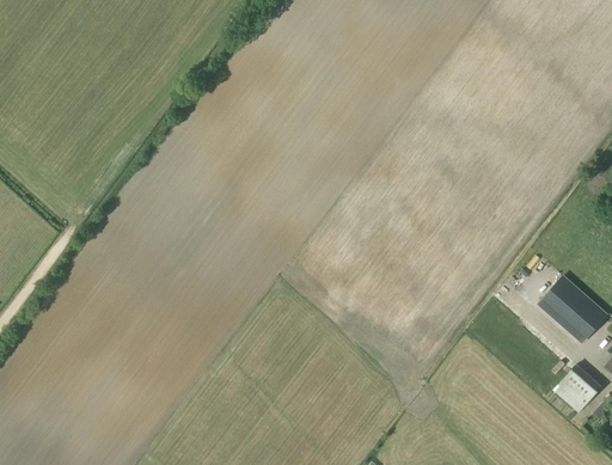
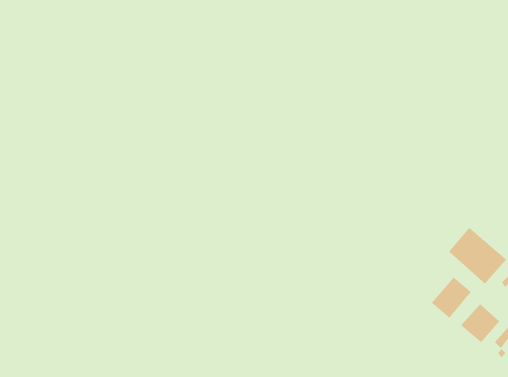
building: none -> [431,277,472,319]

